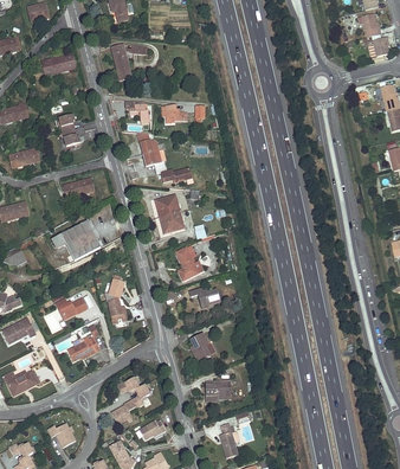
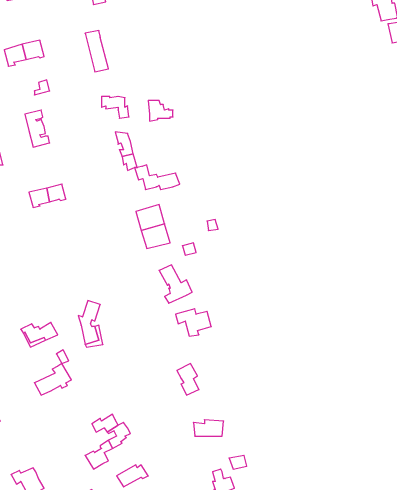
building: [53,219,99,259] -> none

